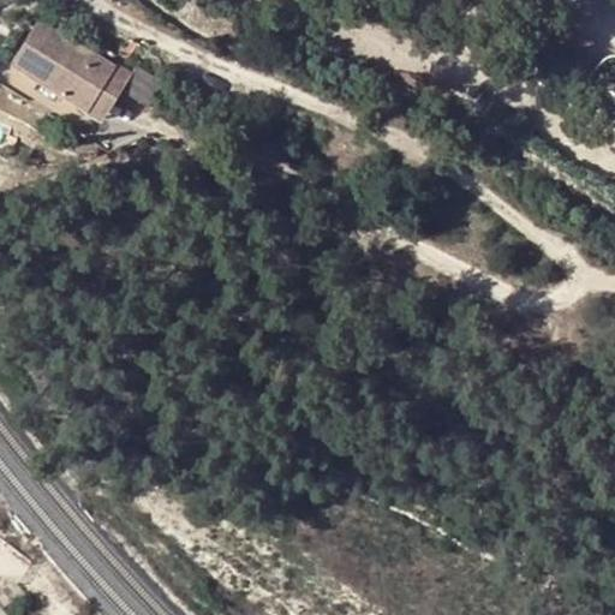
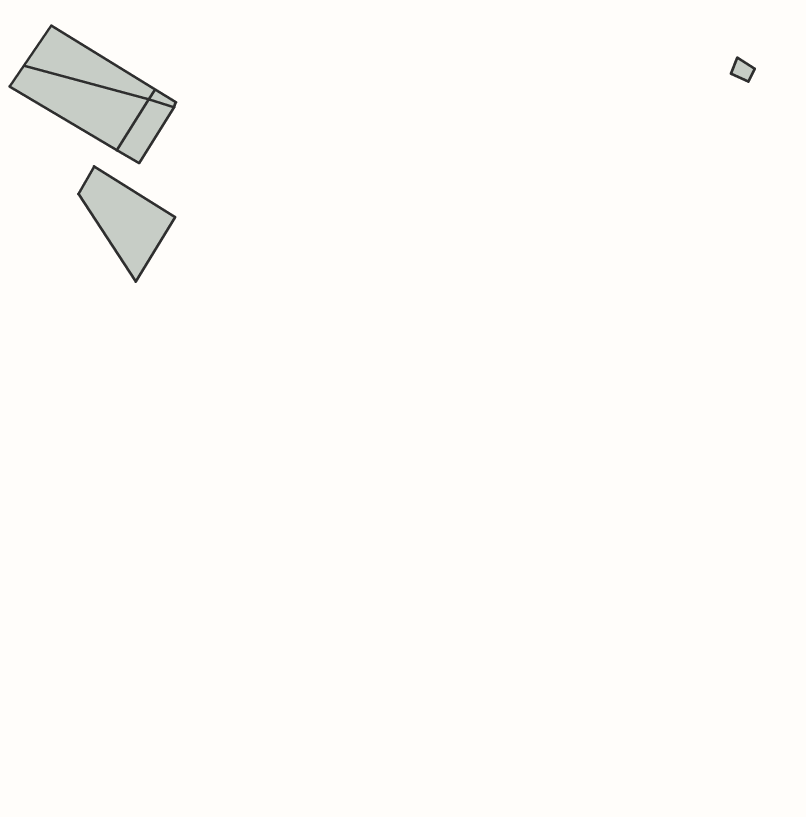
building: none -> [78,166,175,282]

